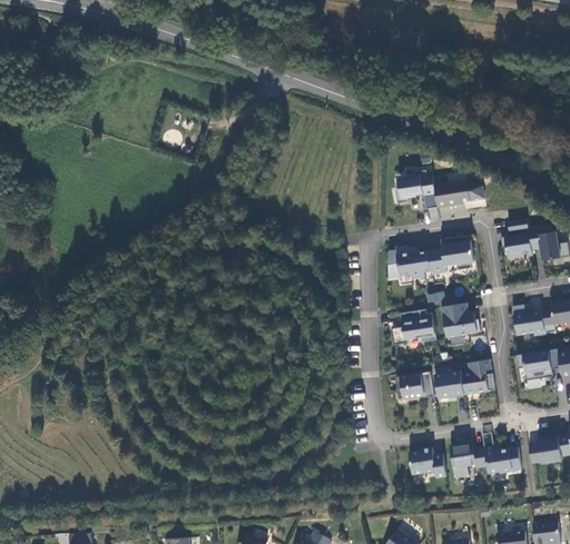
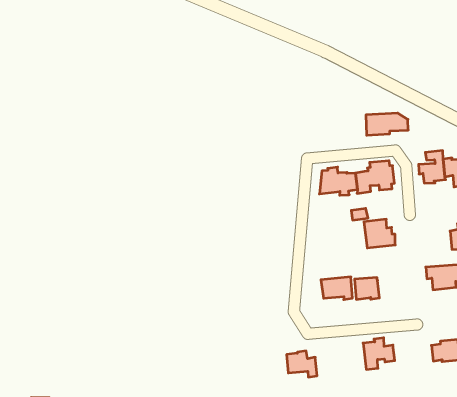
building: [395,172,438,208] -> none
building: [511,305,544,336] -> none
building: [391,309,435,345] -> none
building: [461,359,494,394] -> none
building: [481,433,521,473] -> none
building: [409,447,445,477] -> [287,351,317,377]

